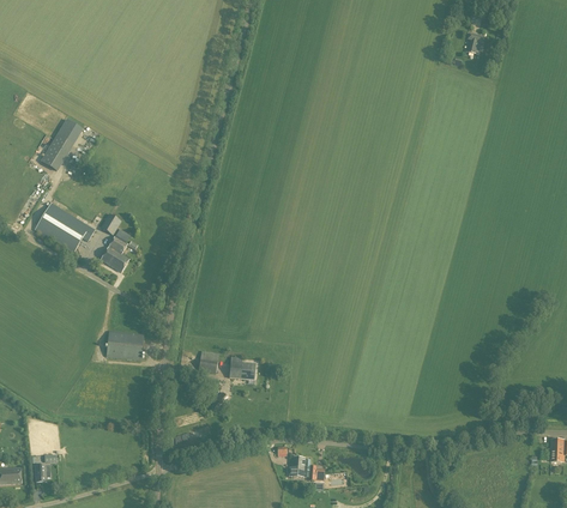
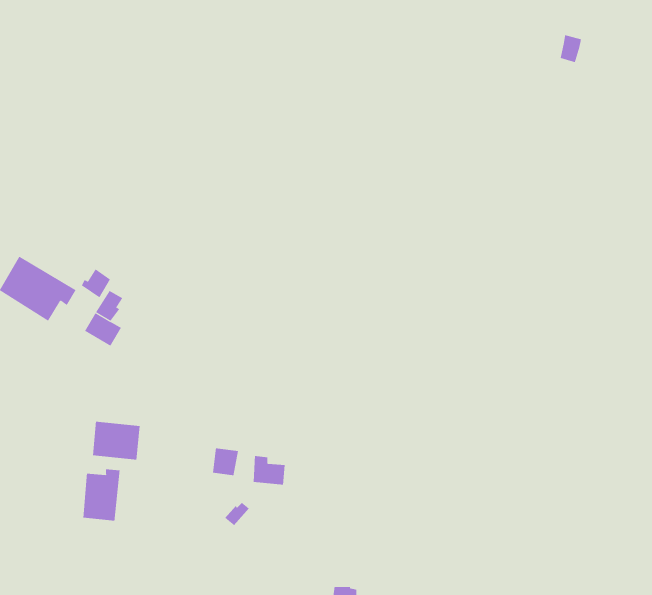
building: [41,117,83,170] -> none
building: none -> [83,468,120,521]

